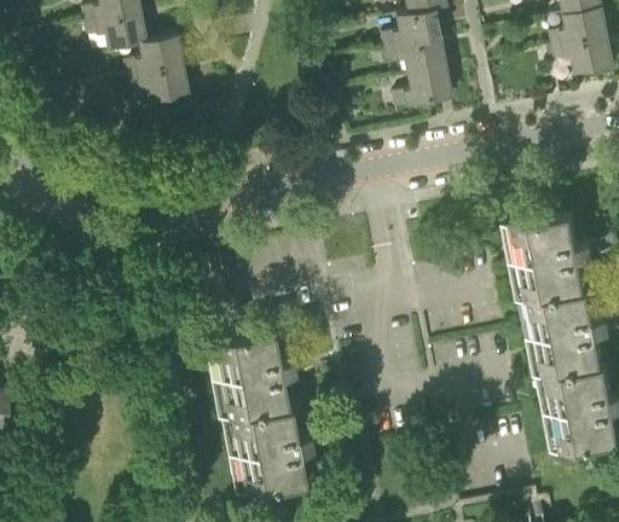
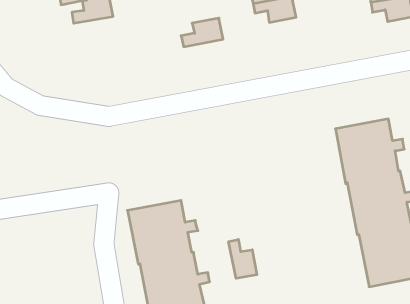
building: [126,68,187,104] -> none
building: [392,69,452,110] -> [181,18,223,47]
building: none -> [229,239,257,278]

